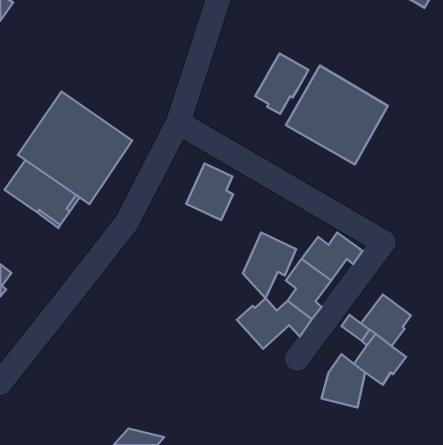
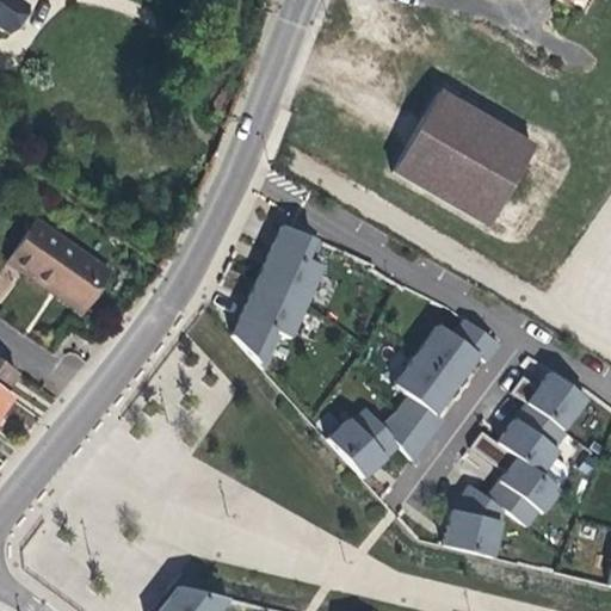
building: [255,53,309,114] -> none
building: [18,91,132,204] -> none
building: [243,233,296,298] -> [234,278,307,368]
building: none -> [512,370,586,428]

